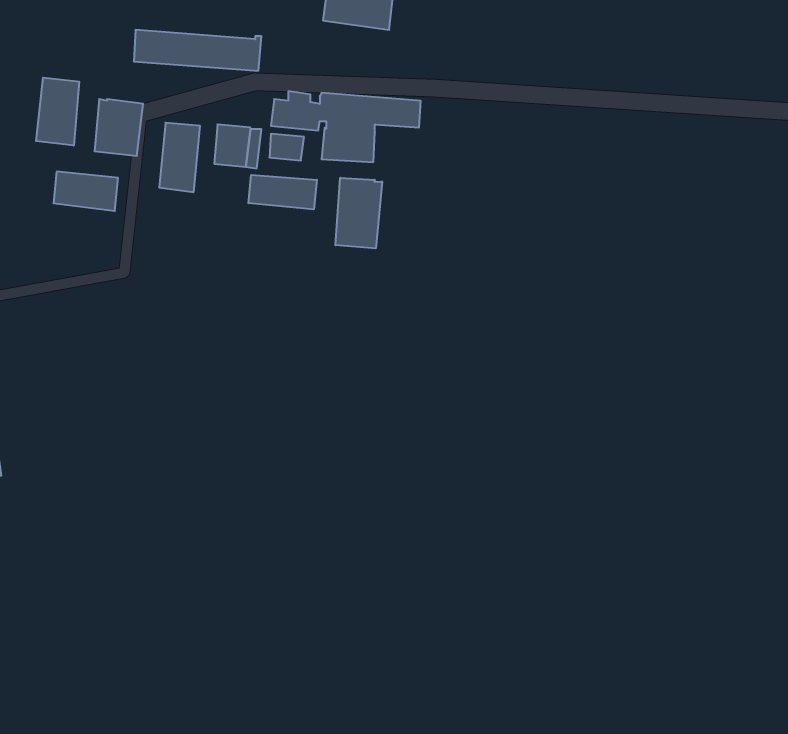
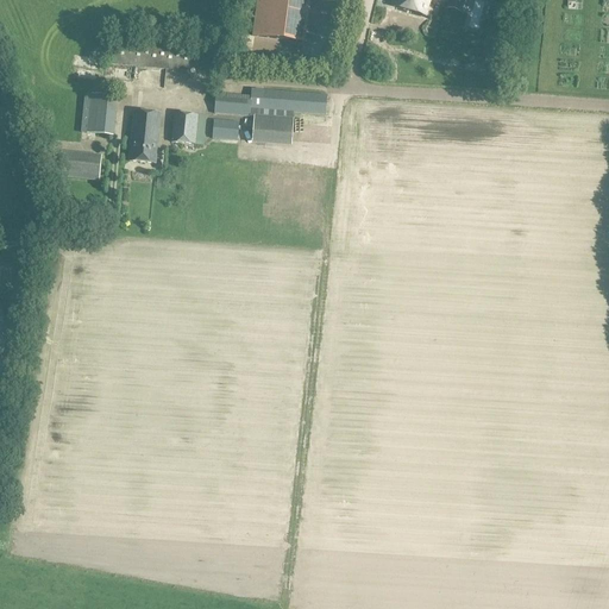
building: [36,78,79,146] -> none
building: [248,175,317,209] -> none
building: [335,178,382,248] -> none

